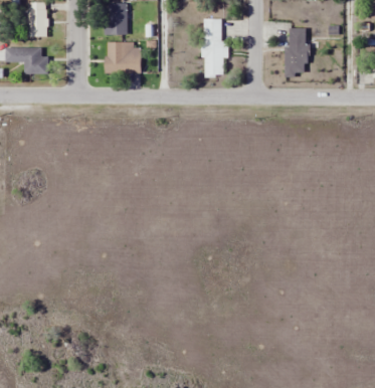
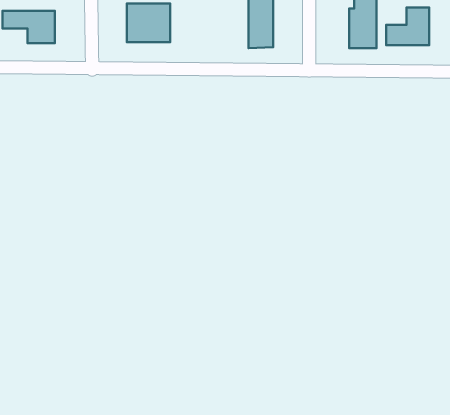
building: none -> [386,7,429,45]

